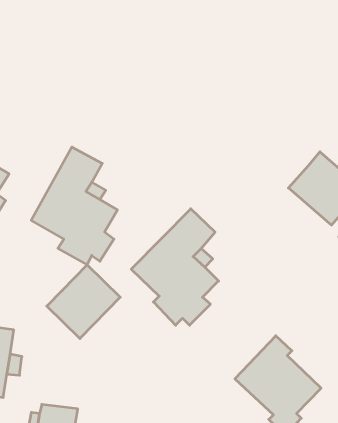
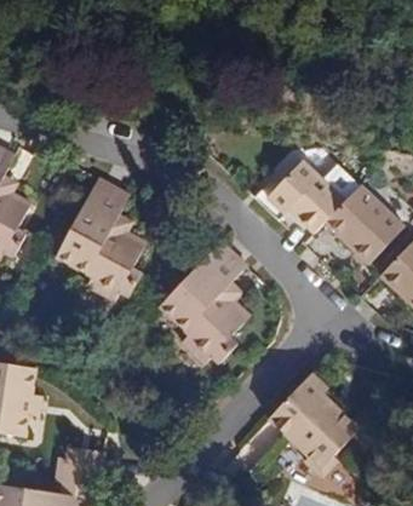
building: none -> [252,159,344,232]
building: [47,265,120,339] -> none

